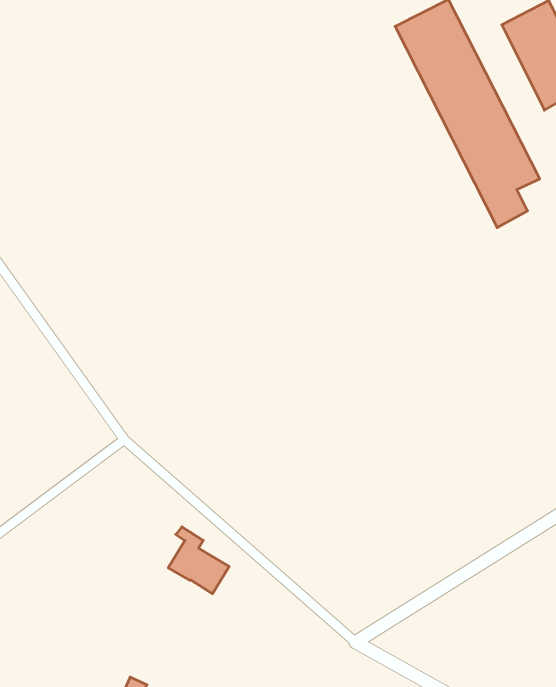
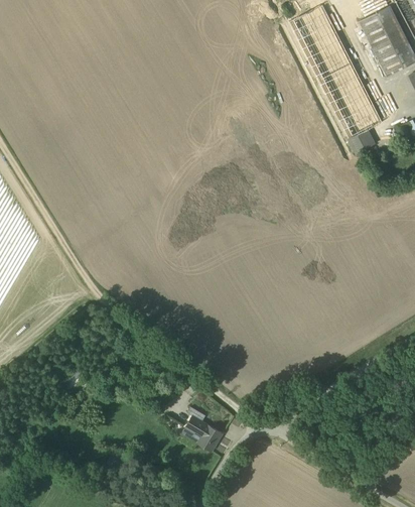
building: [168,527,229,594] -> [182,406,223,451]

